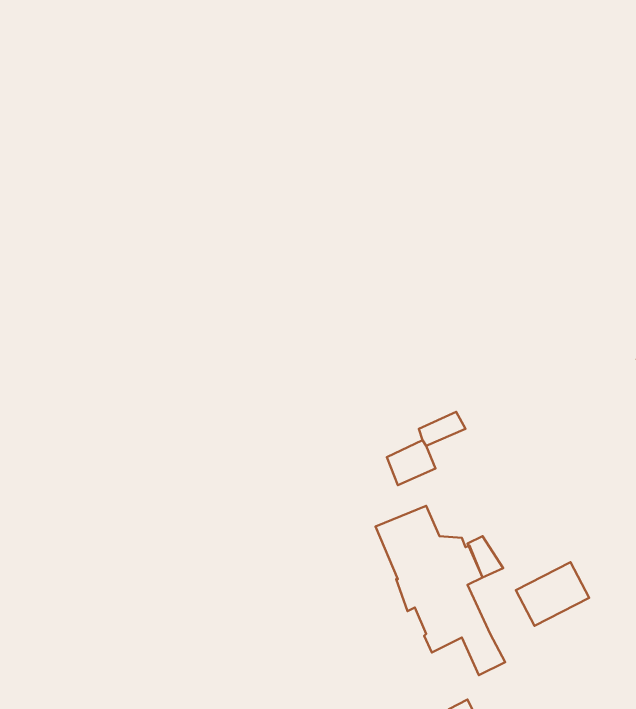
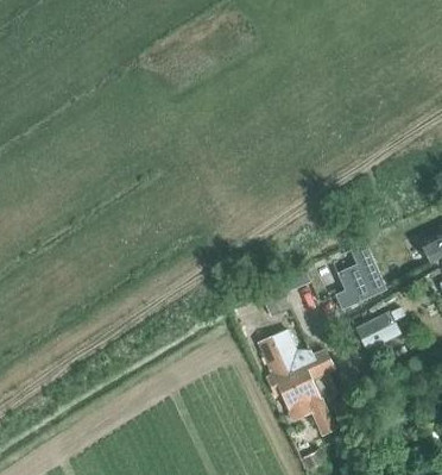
building: none -> [335,243,387,310]
building: [516,562,589,626] -> [354,311,400,351]

